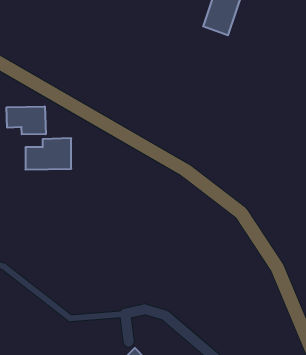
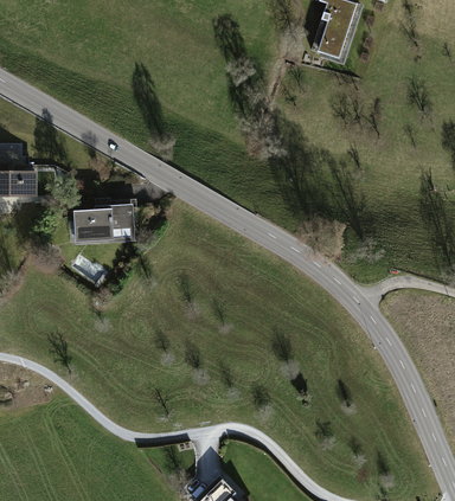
building: [7,106,46,134] -> none

